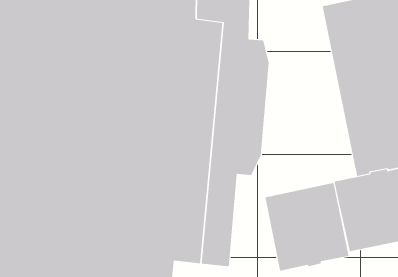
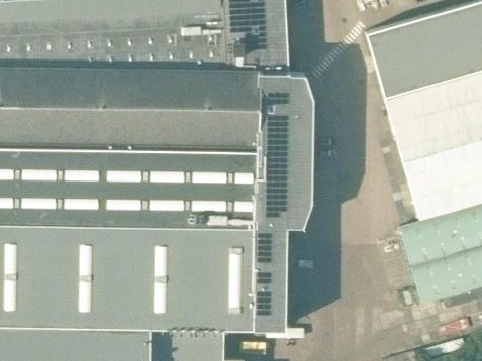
building: [265,182,349,272] -> none

